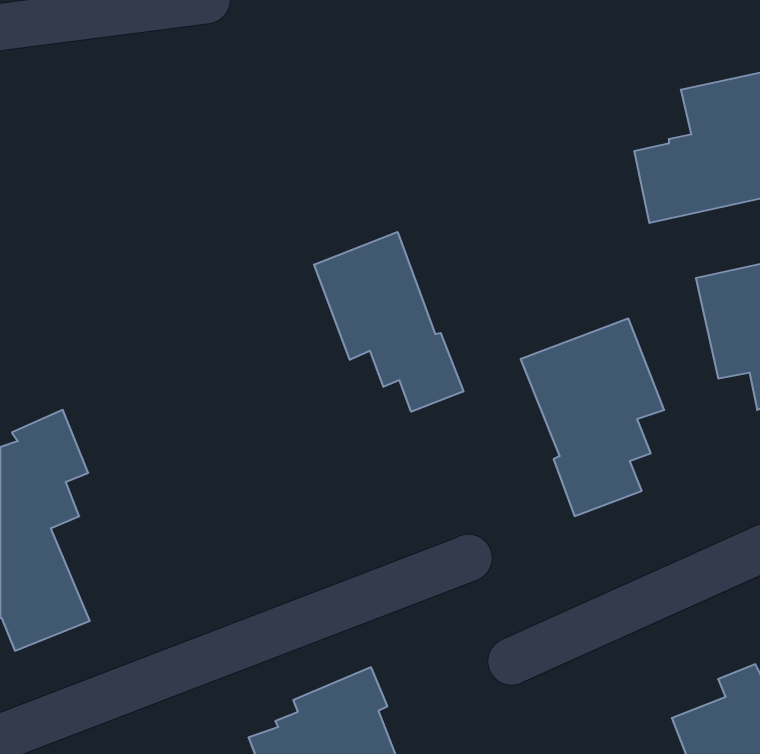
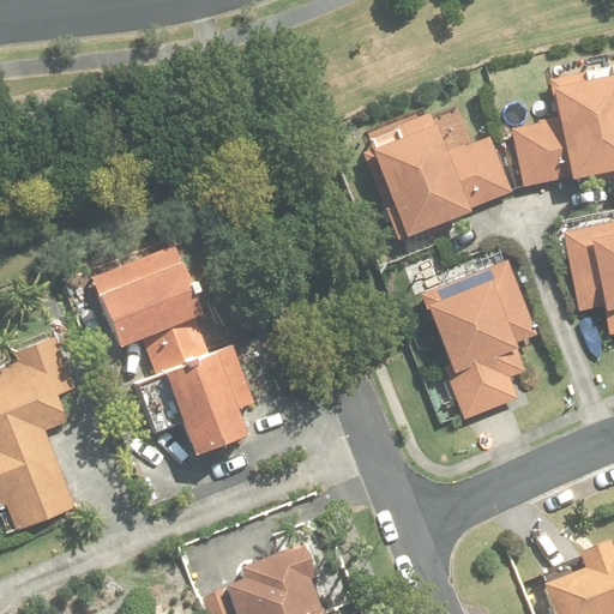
building: none -> [363,116,513,240]
building: [314,232,463,412] -> none
building: none -> [91,242,254,447]

